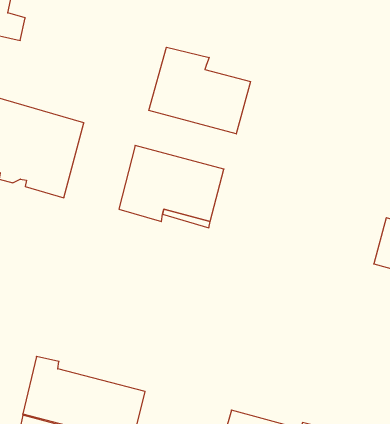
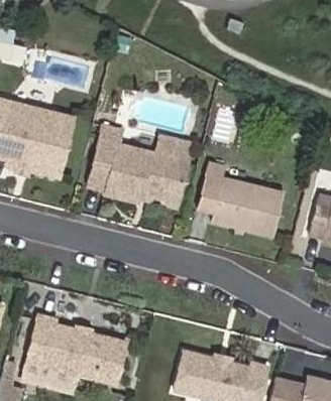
building: [149,47,251,134] -> none
building: none -> [207,181,284,242]

